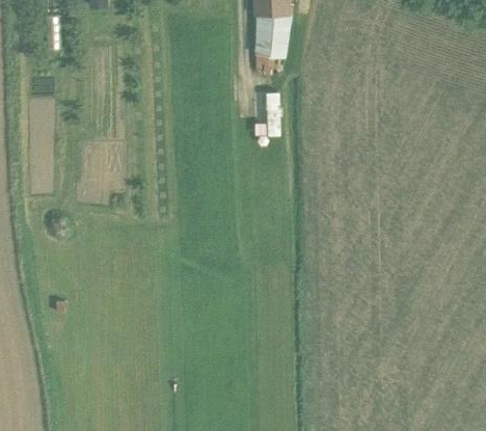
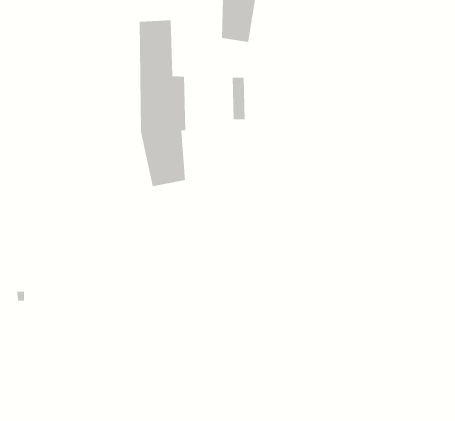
building: none -> [139,19,186,187]

